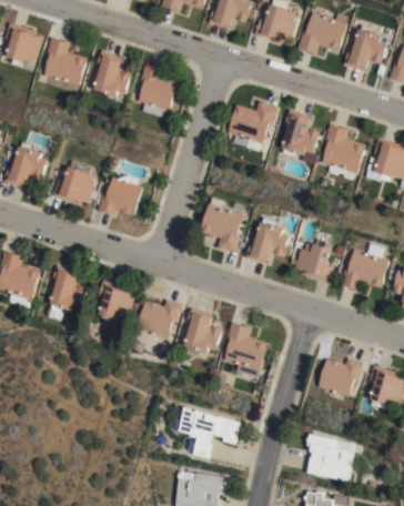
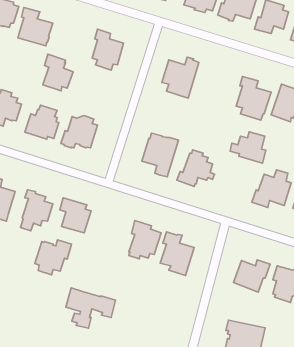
building: [93,50,132,97] -> [43,54,73,91]
building: [281,110,320,156] -> none
building: [290,243,335,283] -> [230,132,266,163]
building: [137,298,183,343] -> [35,240,71,275]
building: [179,407,242,458] -> [66,288,116,328]

